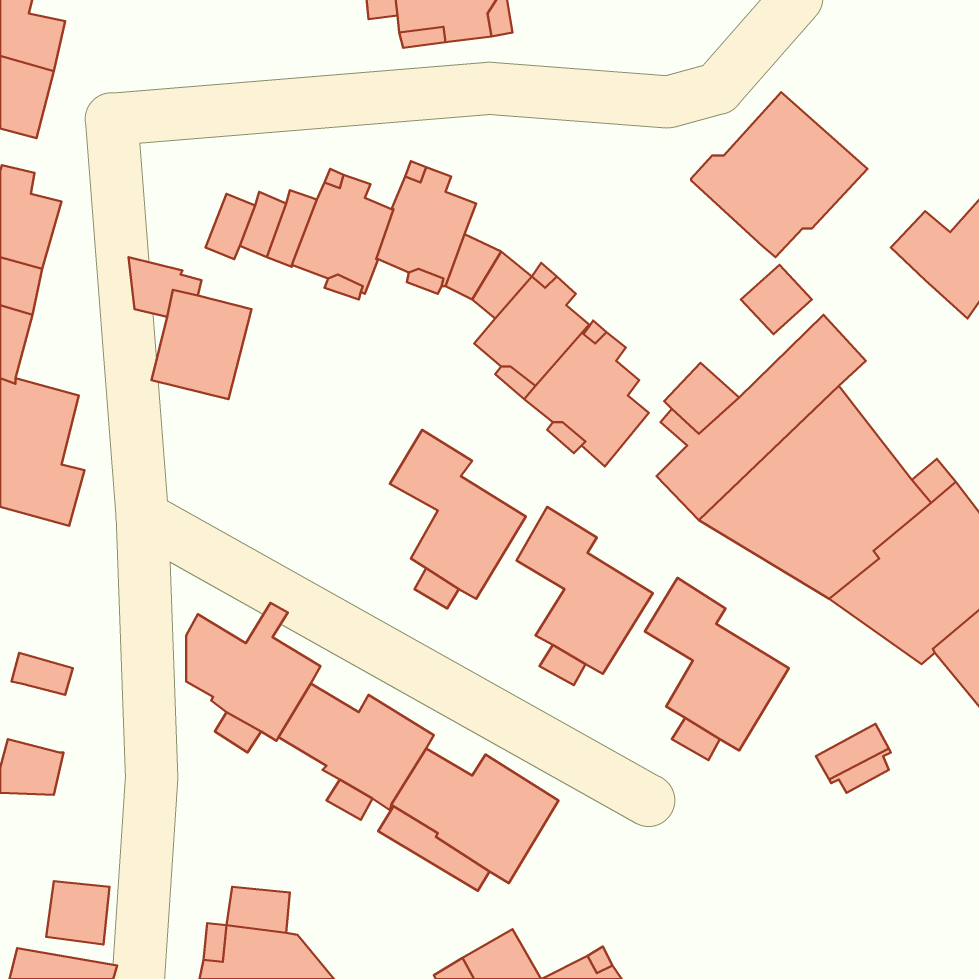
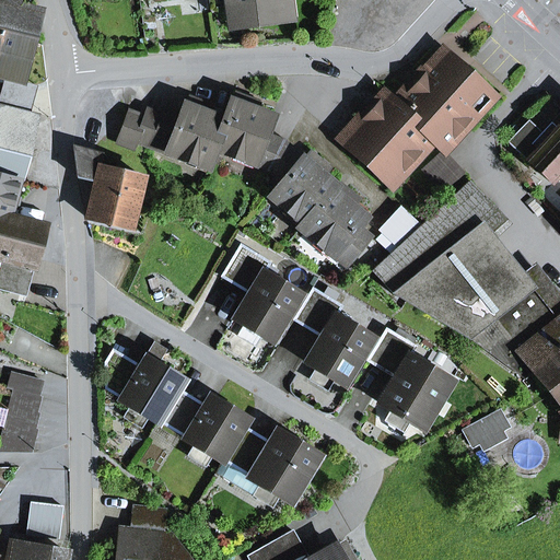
building: none -> [345,95,435,186]
building: none -> [5,389,42,429]

